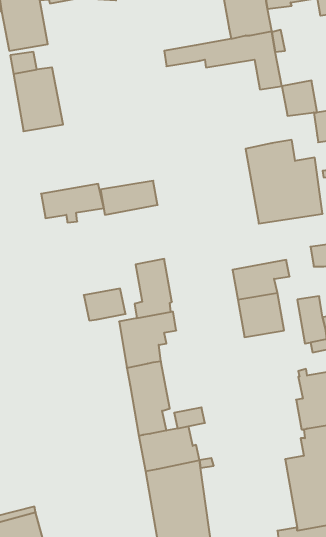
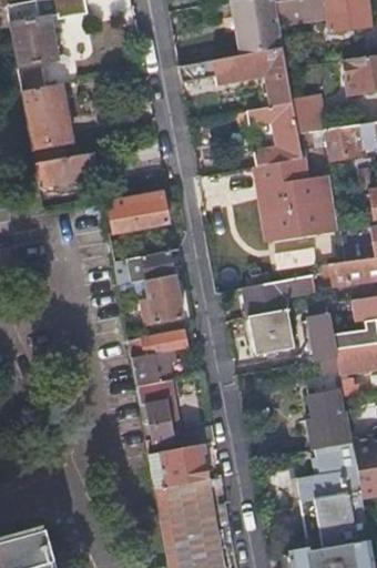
building: none -> [246,102,303,165]
building: [41,184,104,222] -> [35,152,99,191]
building: [84,289,126,320] -> [132,251,174,283]

